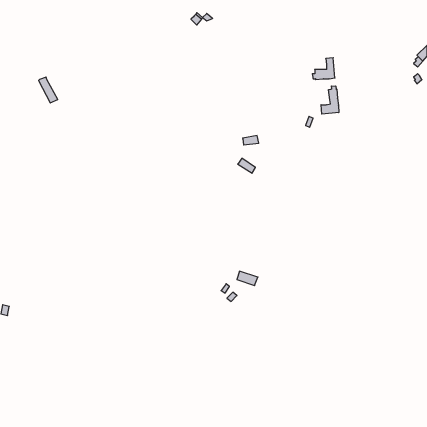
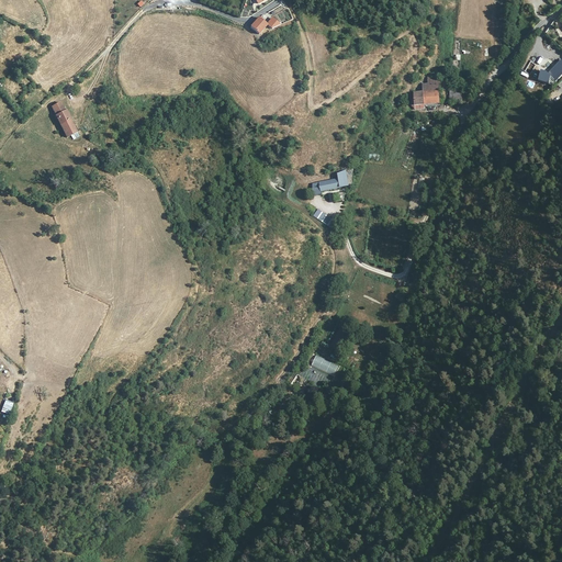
building: [321,86,339,114] -> none

